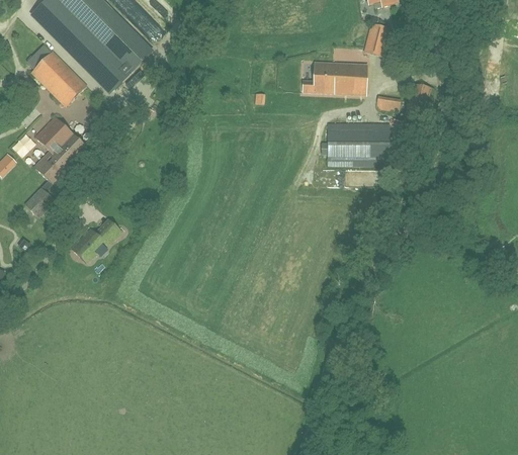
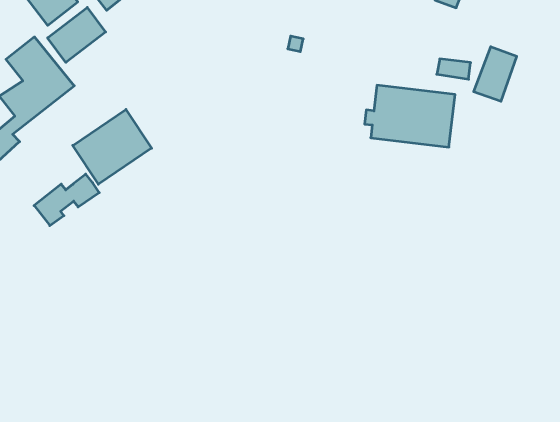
building: [303,61,367,94] -> none
building: none -> [48,7,106,62]
building: none -> [73,109,152,184]

